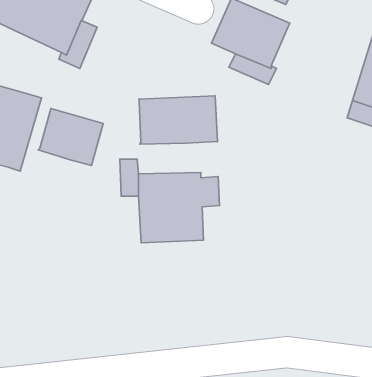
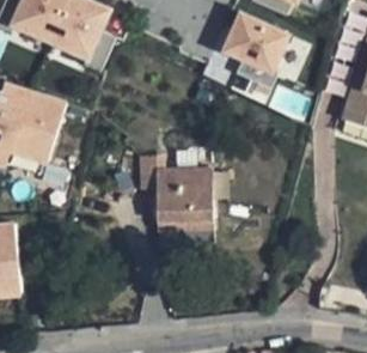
building: [139,96,218,144] -> none
building: [38,108,103,166] -> none

